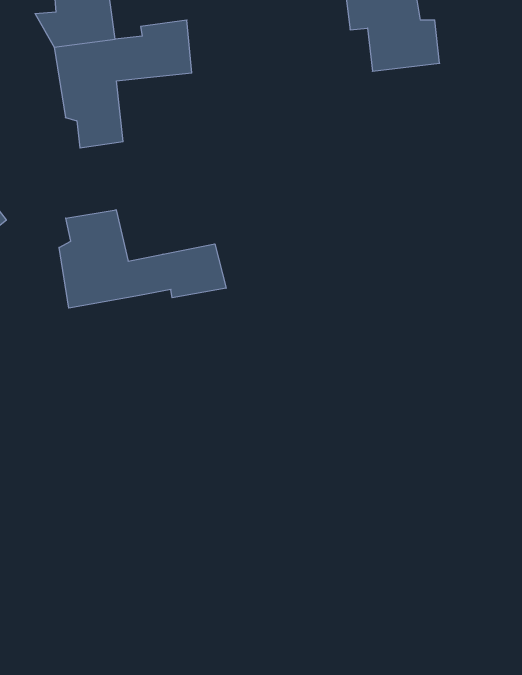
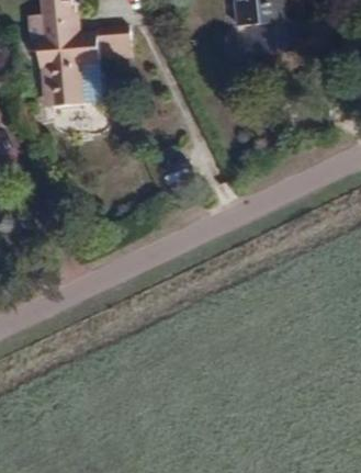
building: [59,210,226,308] -> none

